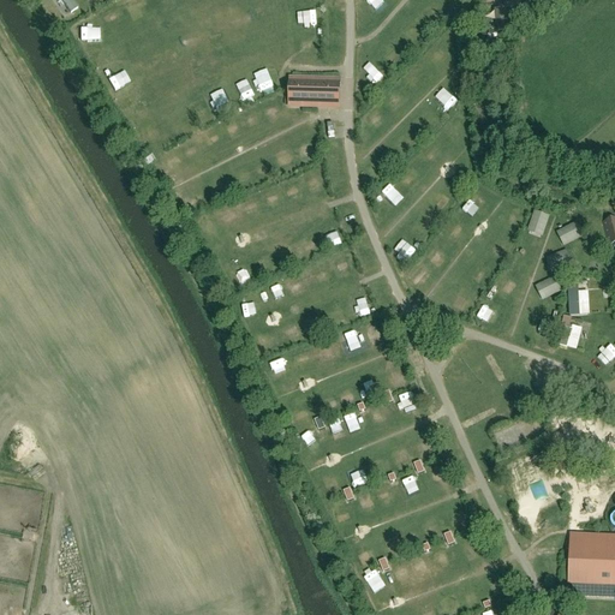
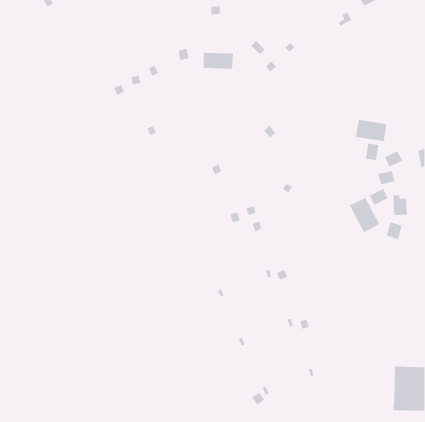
building: none -> [355,119,387,142]
building: none -> [349,197,380,233]

